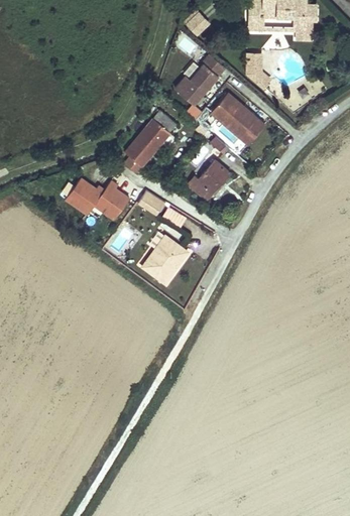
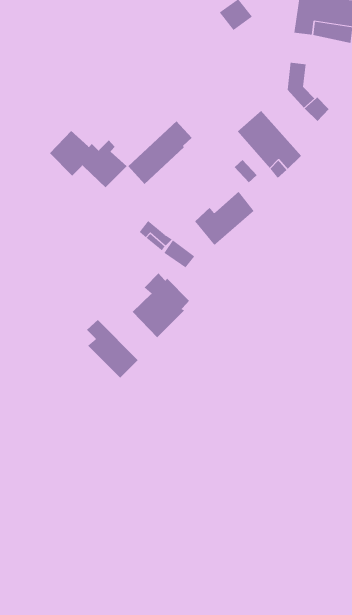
building: [174,55,225,106] -> none
building: [70,175,132,218] -> [49,130,127,188]
building: none -> [86,319,139,378]

